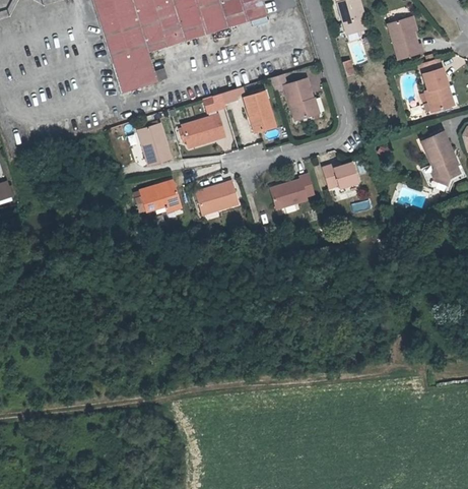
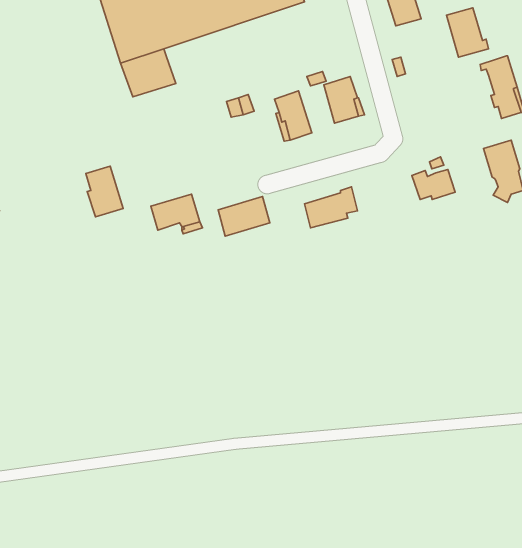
building: [182,114,224,147] -> none
building: [141,123,173,166] -> [86,166,123,217]
building: [322,160,358,185] -> [412,169,455,199]

